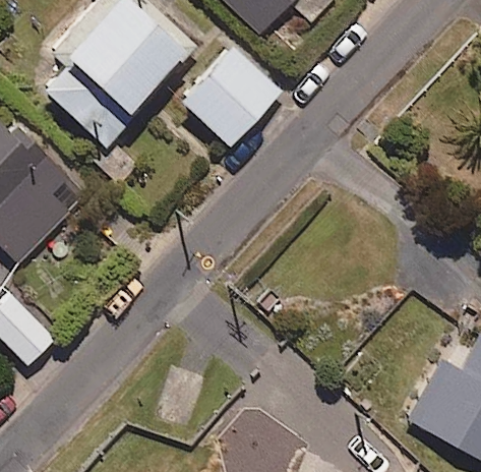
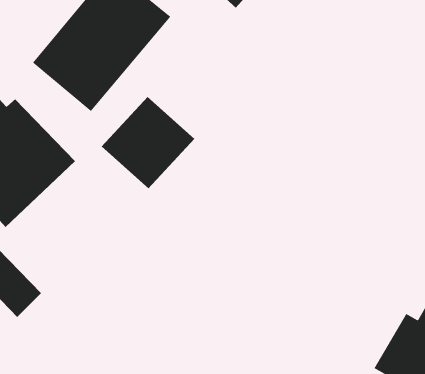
building: [179,48,280,148] -> [101,96,195,189]

